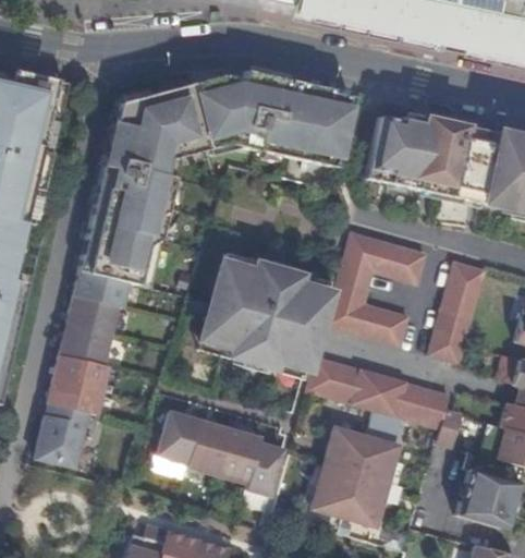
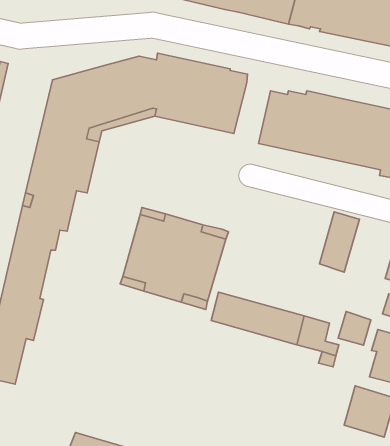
building: [326,231,424,347] -> none
building: [427,323,466,363] -> [338,312,371,345]
building: [155,411,281,496] -> none
building: [312,426,396,523] -> none

